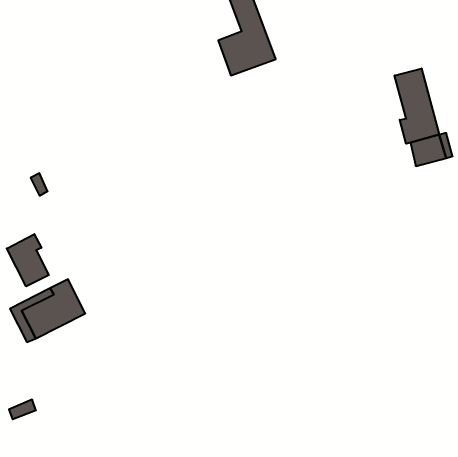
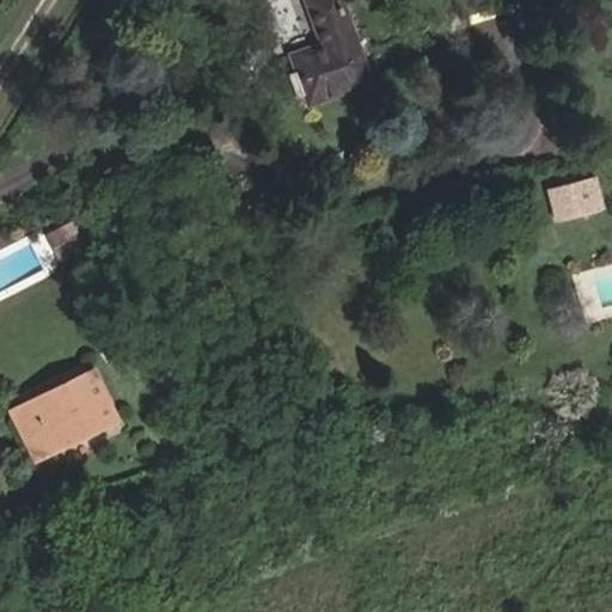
building: [395,68,439,144] -> none
building: [7,234,49,286] -> none

